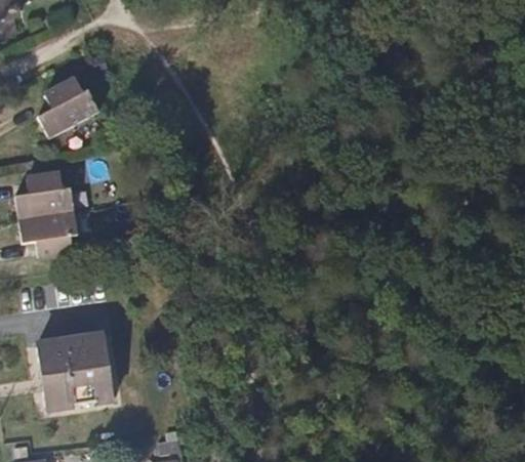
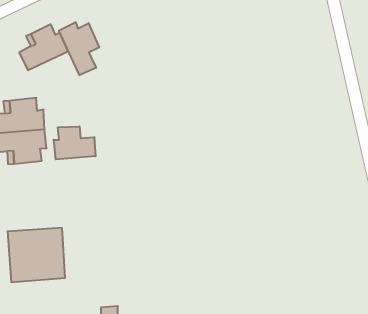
building: none -> [59,22,99,75]
building: none -> [54,126,96,159]

